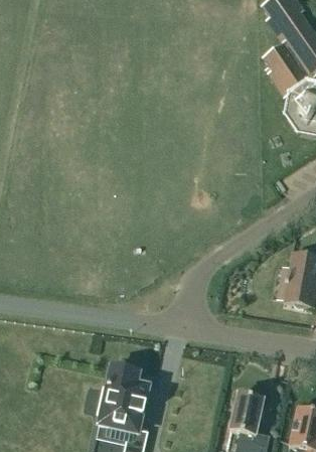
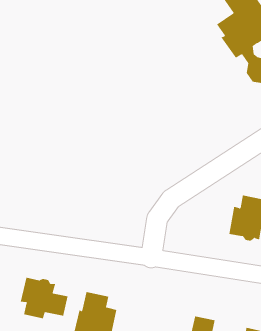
building: none -> [20,277,68,319]

